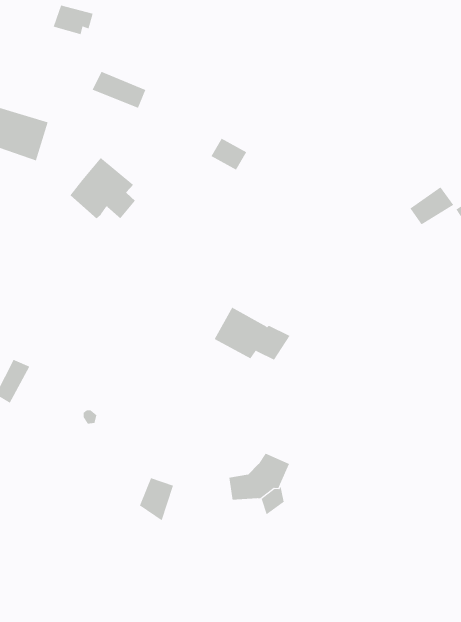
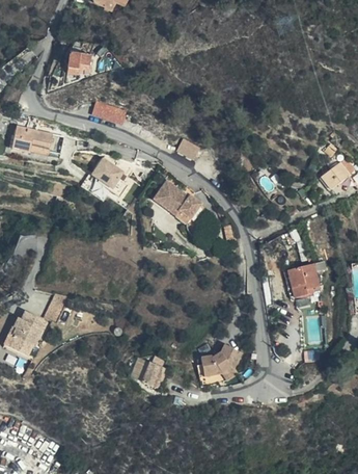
building: [214,307,290,361] -> [157,185,206,218]
building: none -> [287,267,318,297]

